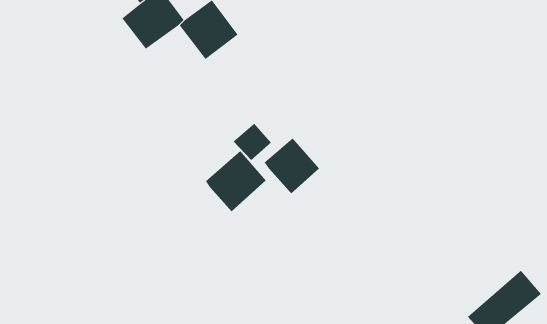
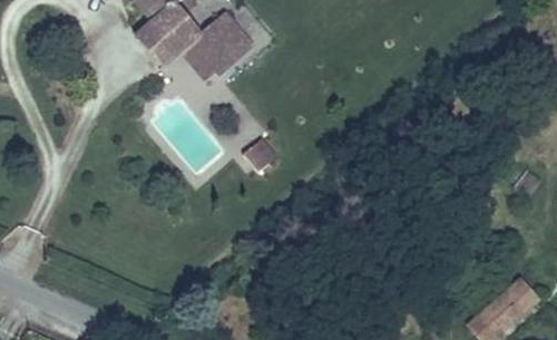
building: [264,137,320,194] -> none
building: [205,150,267,212] -> none

